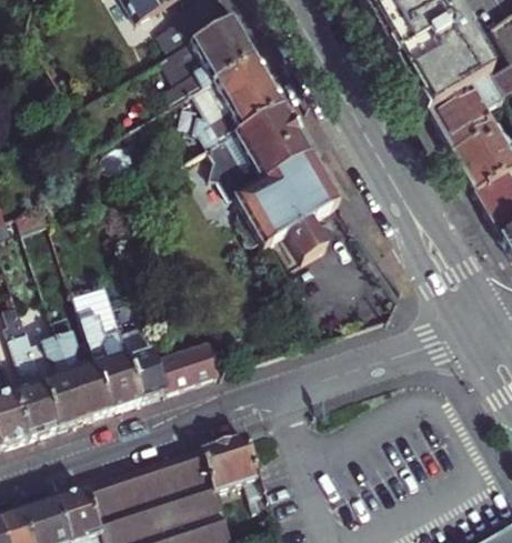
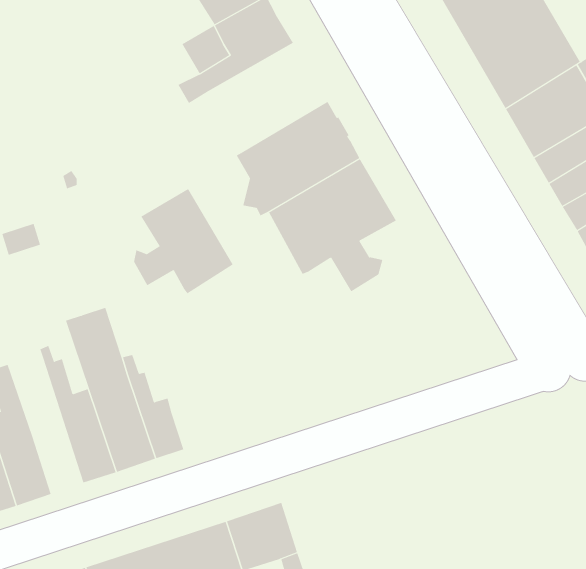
building: [187,58,284,150] -> none
building: none -> [134,188,233,294]
building: [34,315,83,428] -> none
building: [157,344,221,391] -> none

